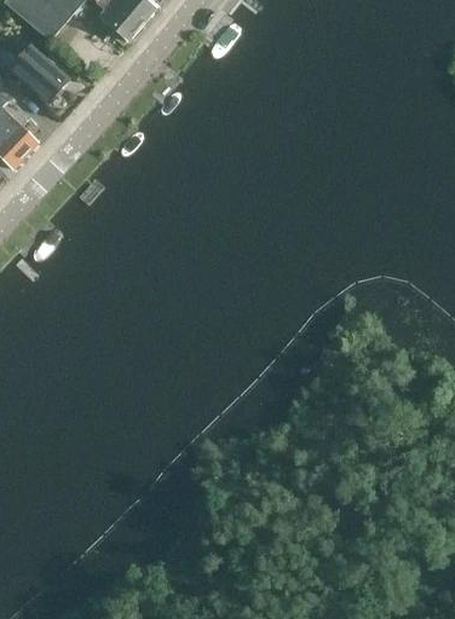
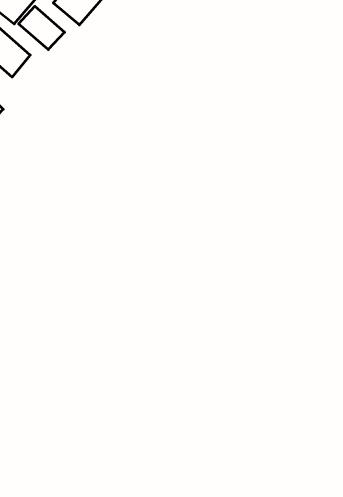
building: none -> [19,6,65,50]

